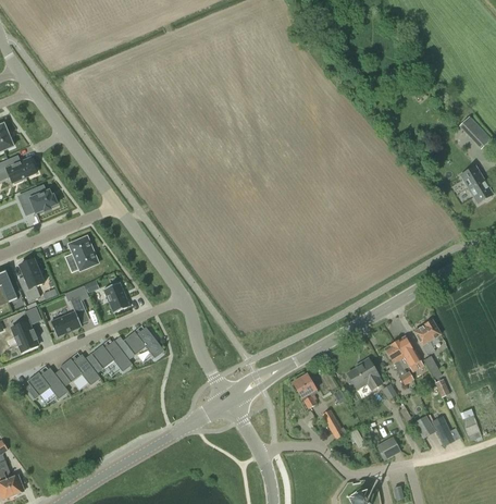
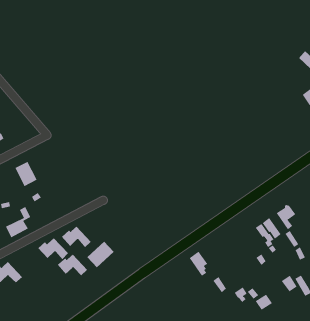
building: [102,282,128,312] -> none
building: none -> [87,241,115,268]
building: [59,355,100,385] -> [57,254,88,276]
building: [345,357,381,390] -> none

